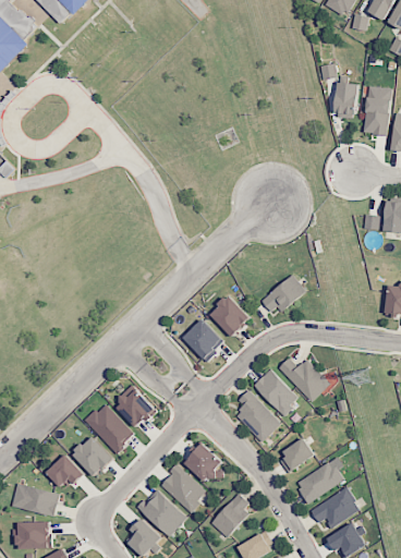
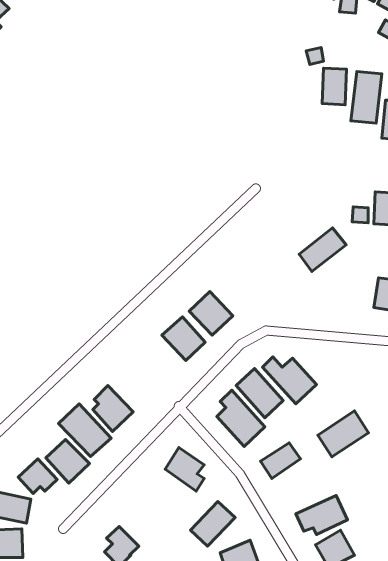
building: [260,275,305,316] -> [299,228,346,271]
building: [294,460,342,504] -> [318,411,368,457]
building: [159,465,206,512] -> none
building: [137,488,186,536] -> none

